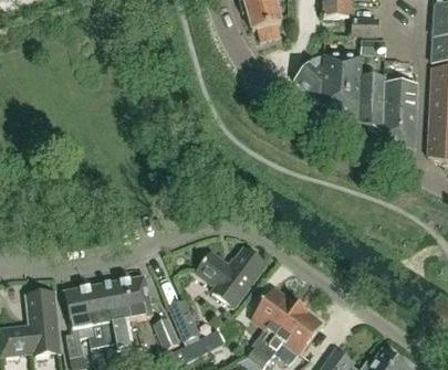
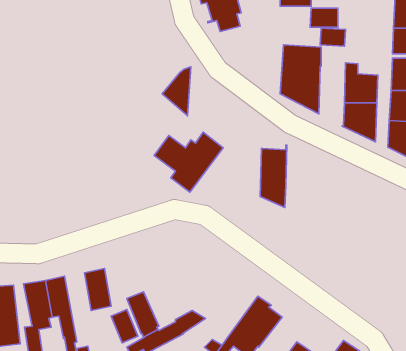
building: [294,53,323,102] -> [162,67,191,116]
building: [358,71,385,133] -> [260,145,287,207]
building: [196,247,264,307] -> [154,132,223,192]
building: [105,279,132,348] -> none
building: [251,287,298,343] -> none

